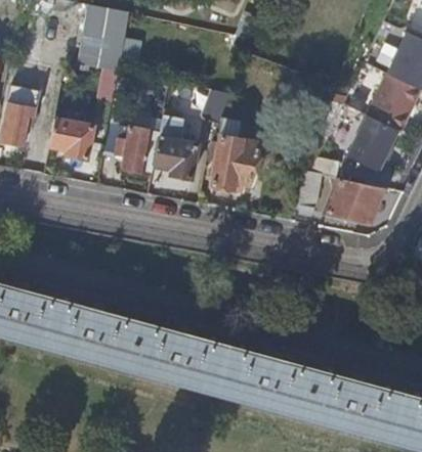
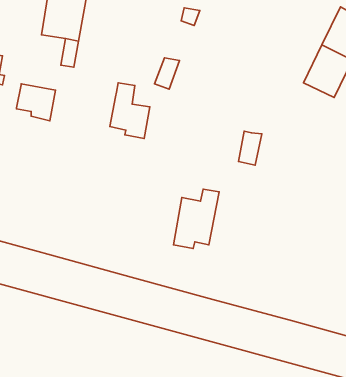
building: [347,118,400,174] -> none
building: [102,123,159,173] -> none
building: [210,125,260,190] -> [174,189,219,248]
building: [323,178,384,224] -> none

